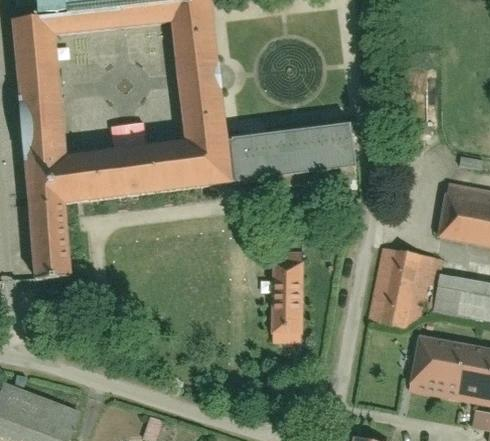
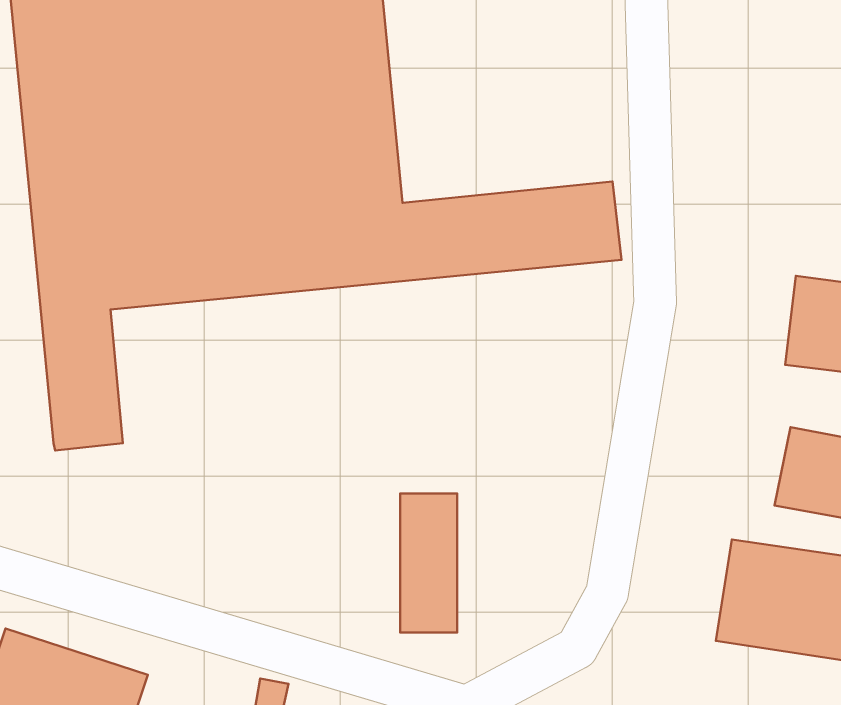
building: [368,244,440,324] -> none
building: [270,265,302,343] -> [400,494,457,632]

